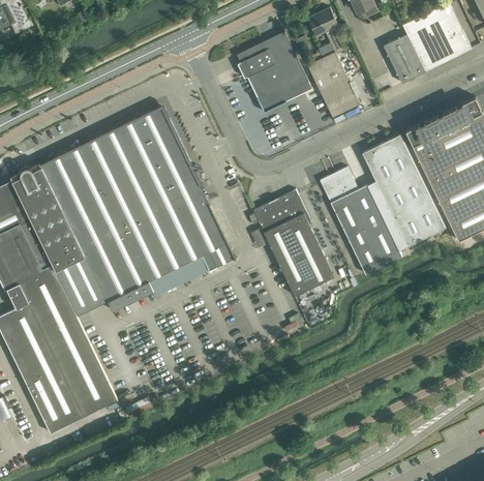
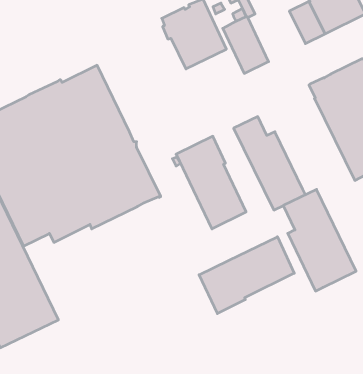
building: [362,134,446,251] -> [283,189,356,291]
building: none -> [199,237,294,314]

